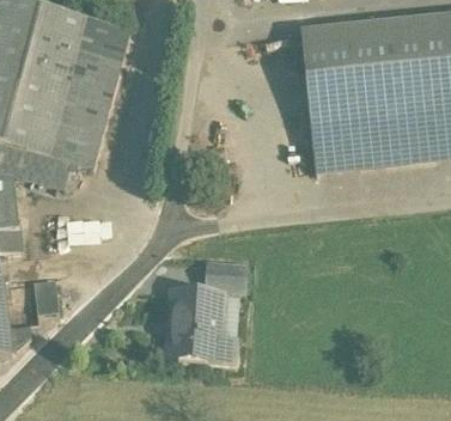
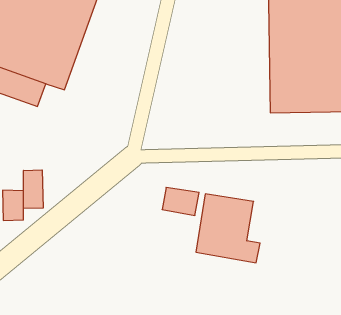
building: none -> [24,170,43,208]
building: [166,286,234,355] -> [196,194,260,263]

